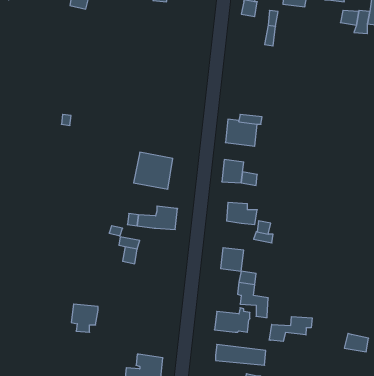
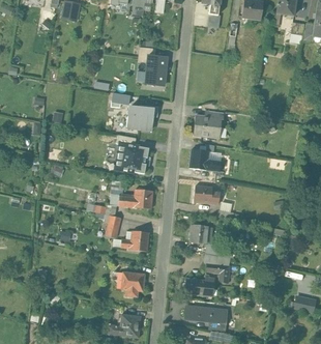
building: none -> [145,56,167,85]
building: none -> [127,105,158,130]
building: none -> [121,231,149,251]
building: [71,304,98,332] -> [122,273,145,296]
building: [269,317,312,341] -> none

